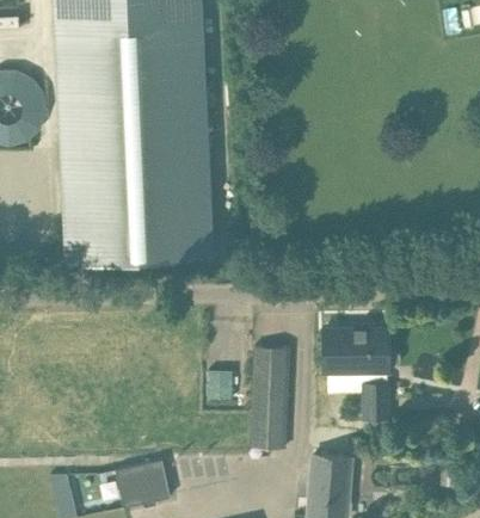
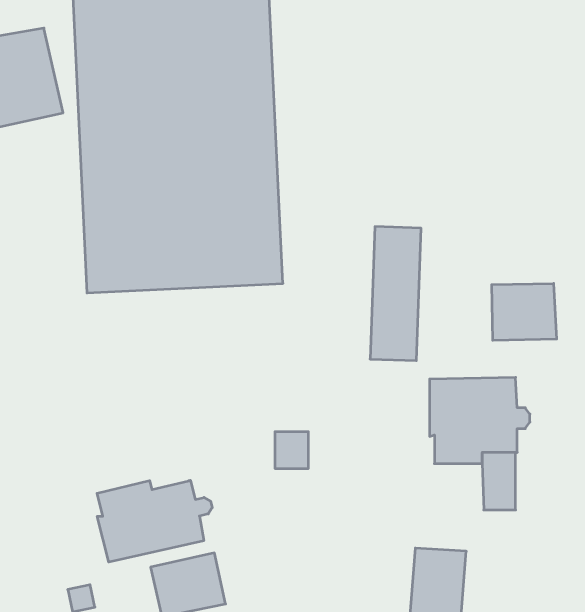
building: none -> [492,283,557,340]
building: [250,350,288,450] -> [370,227,421,361]
building: none -> [97,480,212,562]

